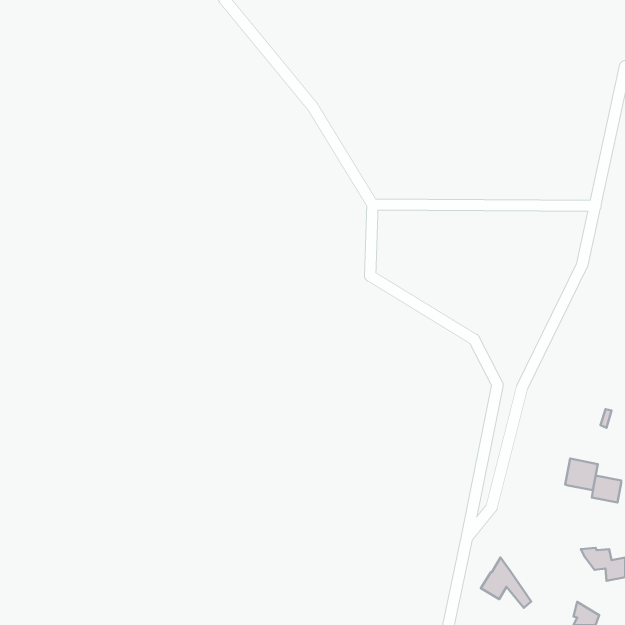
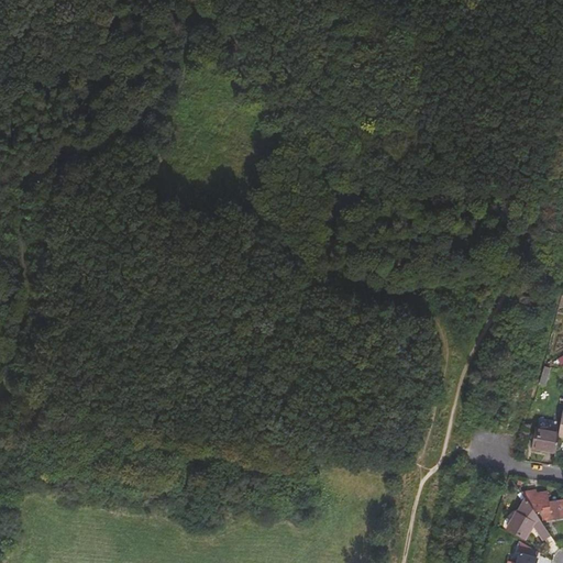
building: [565,458,598,490] -> none
building: [481,557,531,608] -> [507,499,552,544]

